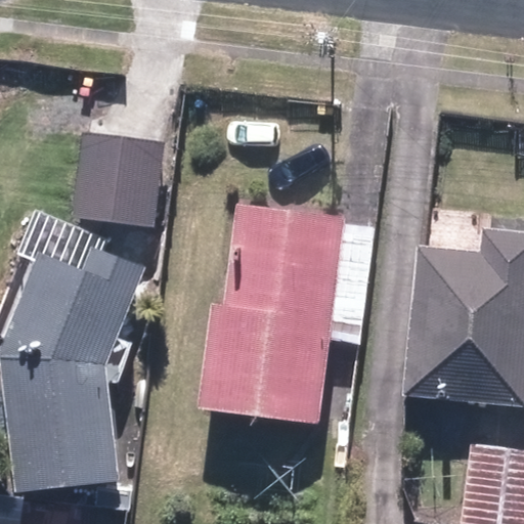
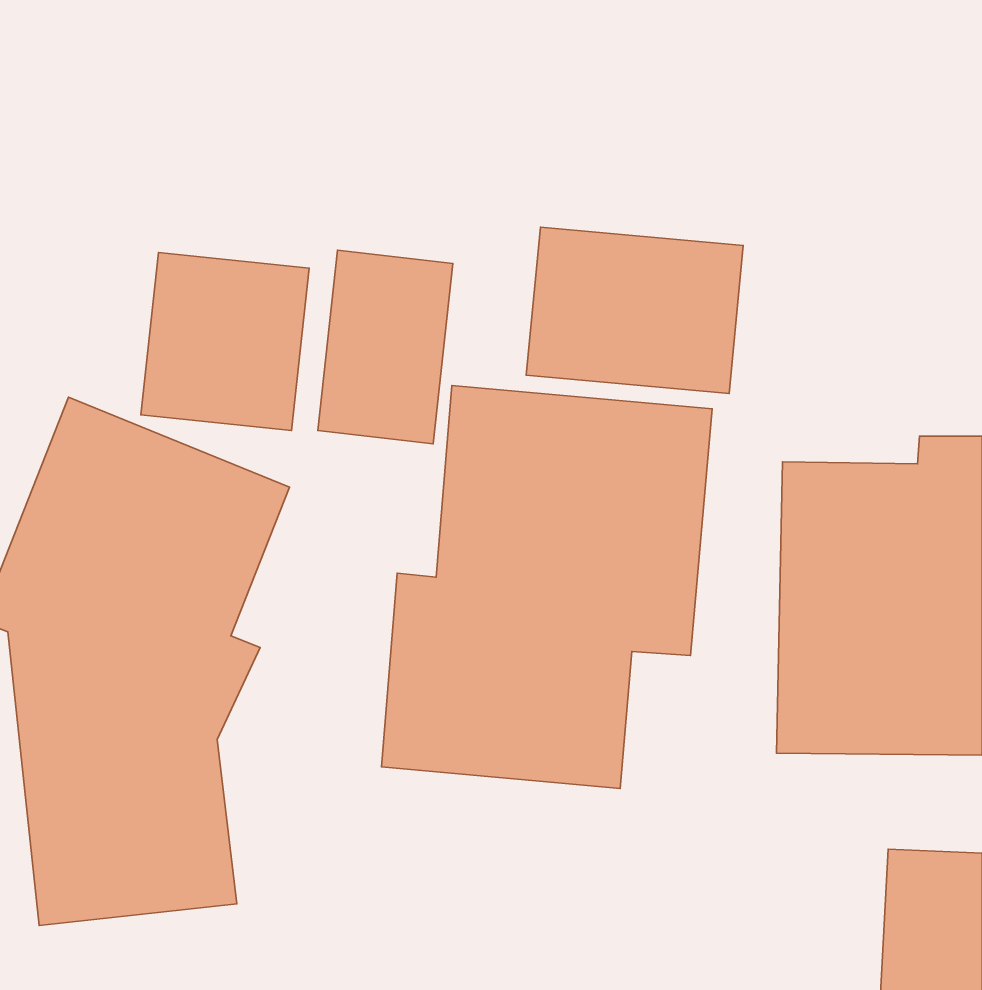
building: none -> [526,227,743,393]
building: none -> [318,250,453,444]

